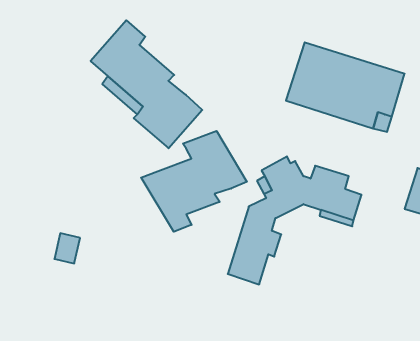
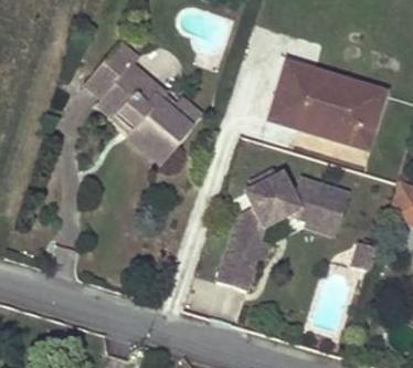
building: [141,131,247,232] -> none

